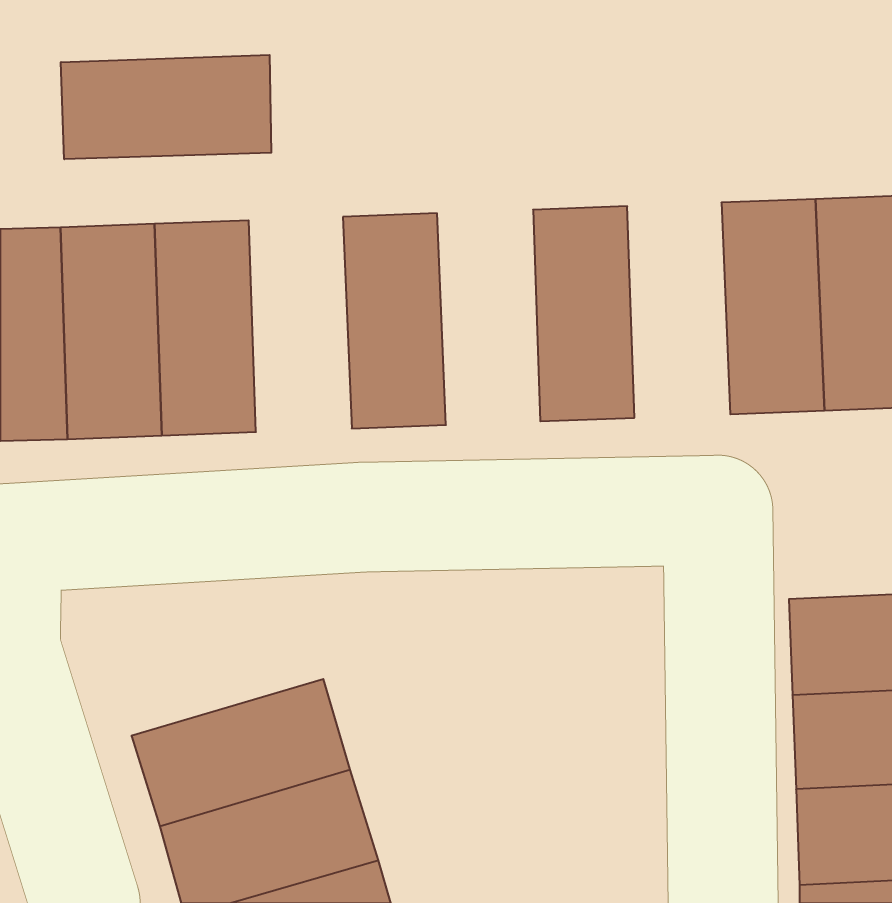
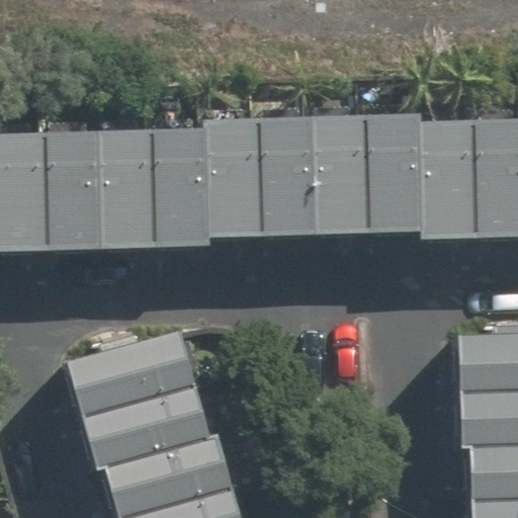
building: [61,55,271,159] -> none
building: none -> [366,115,425,238]
building: none -> [258,119,317,242]
building: none -> [151,123,209,246]
building: none -> [69,334,193,419]

